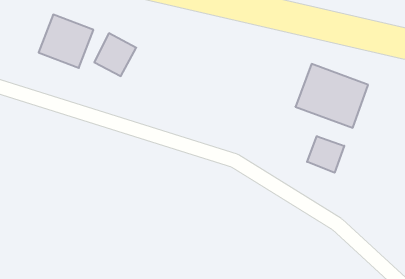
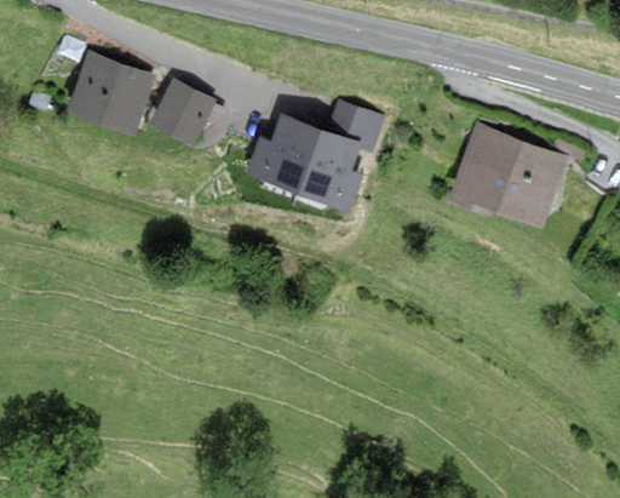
building: none -> [252,102,383,202]
building: [307,136,344,173] -> none

